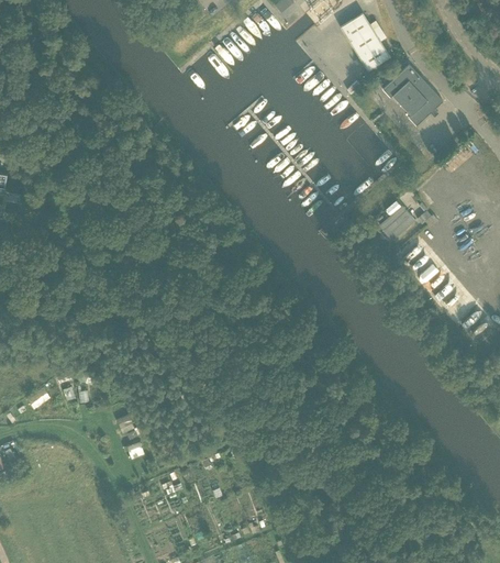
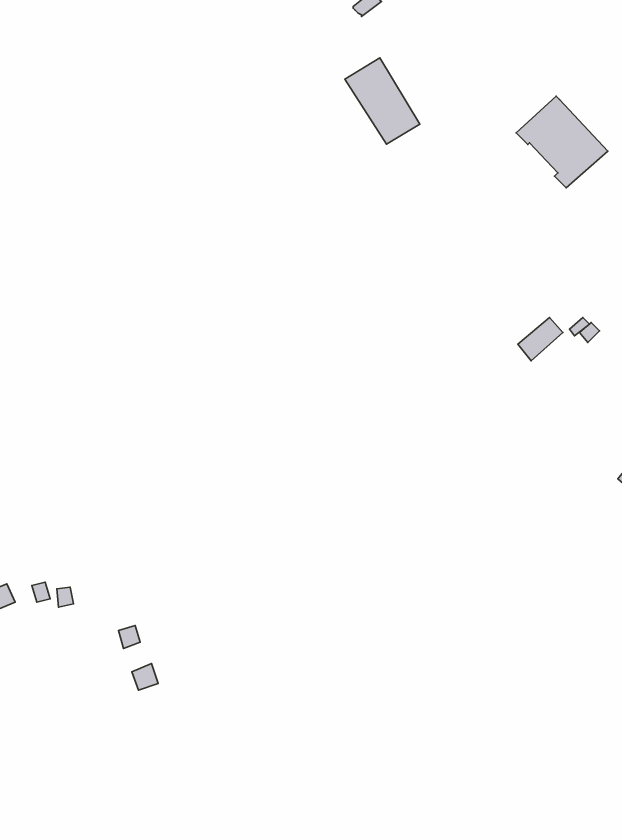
building: [338,12,388,69] -> [345,58,420,144]

